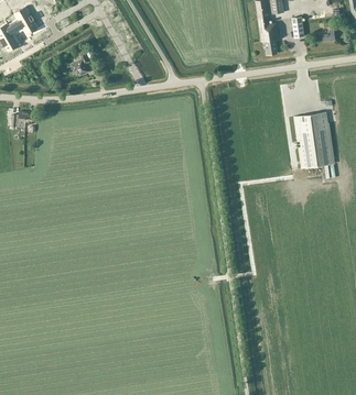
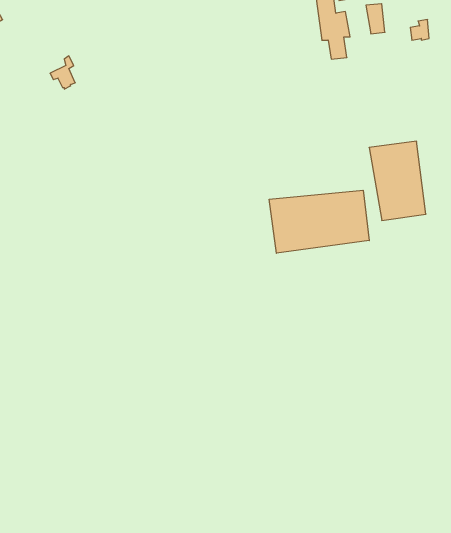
building: none -> [269,190,369,253]

